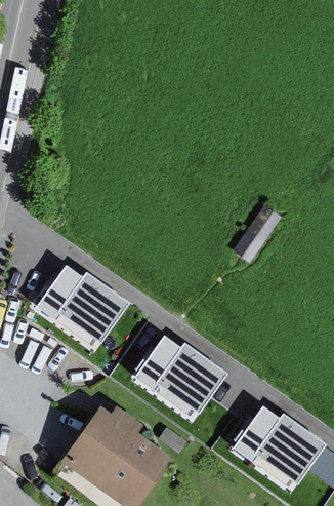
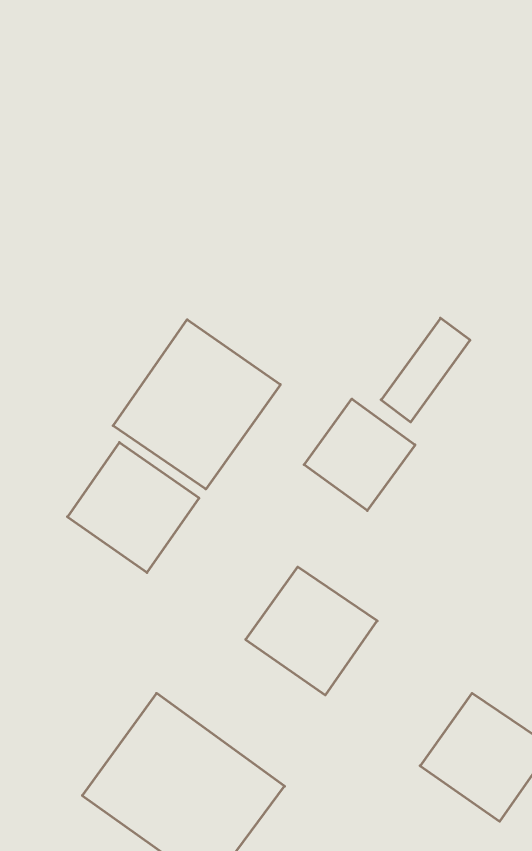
building: none -> [113,320,280,489]
building: none -> [304,399,415,511]

